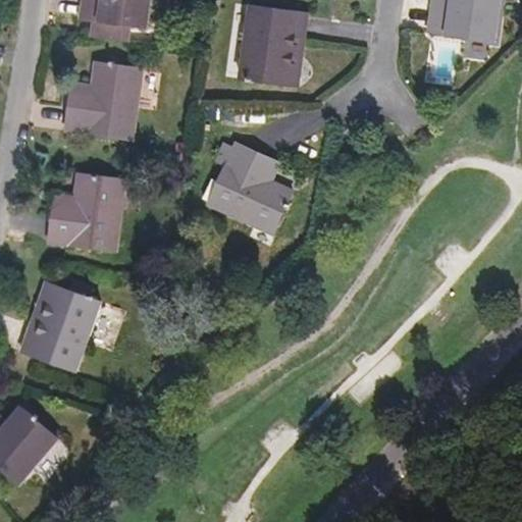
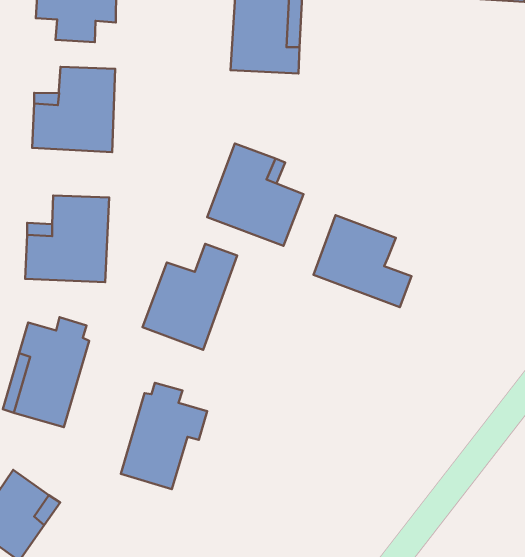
building: none -> [314,215,411,307]
building: none -> [143,244,237,350]
building: none -> [121,383,207,489]

